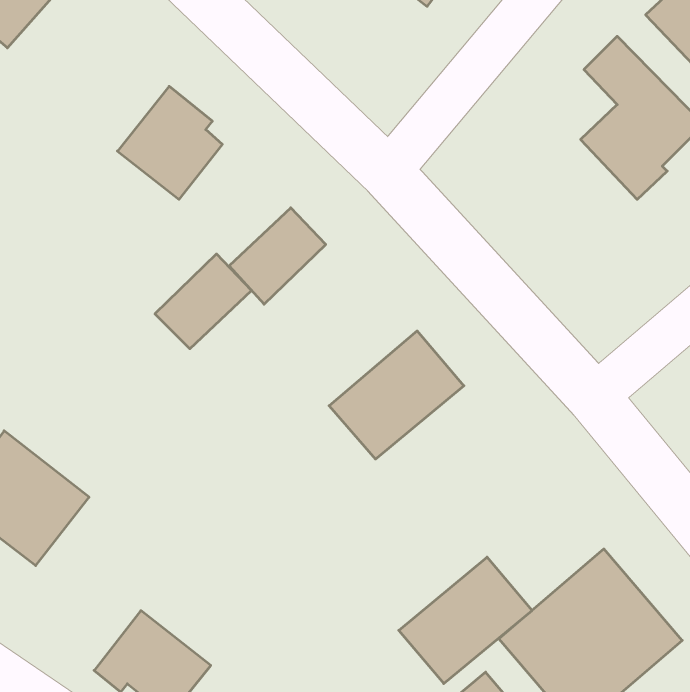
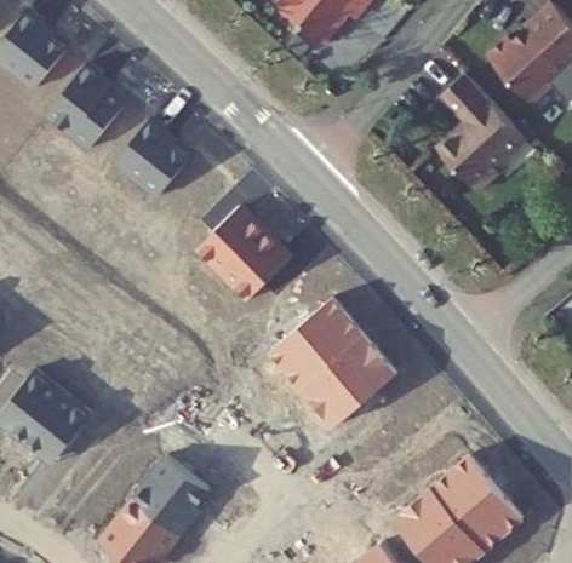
building: none -> [42,63,126,153]
building: [155,254,251,349] -> [217,231,287,300]
building: none -> [127,456,211,538]
building: [399,557,532,684] -> [298,334,395,426]

